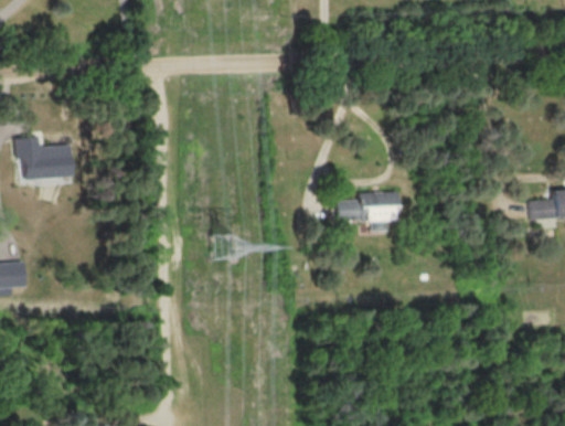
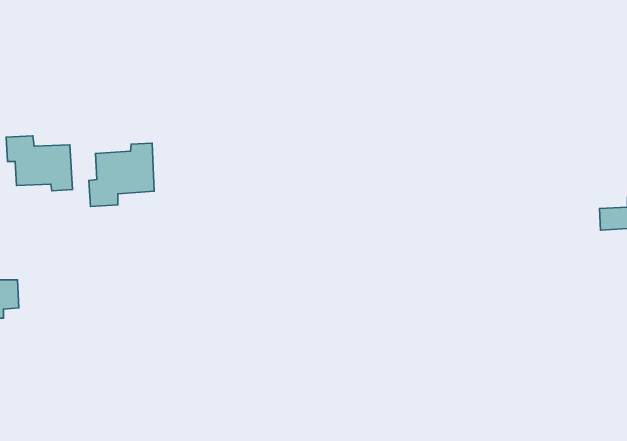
building: none -> [89,143,154,206]
building: [337,191,398,231] -> none

